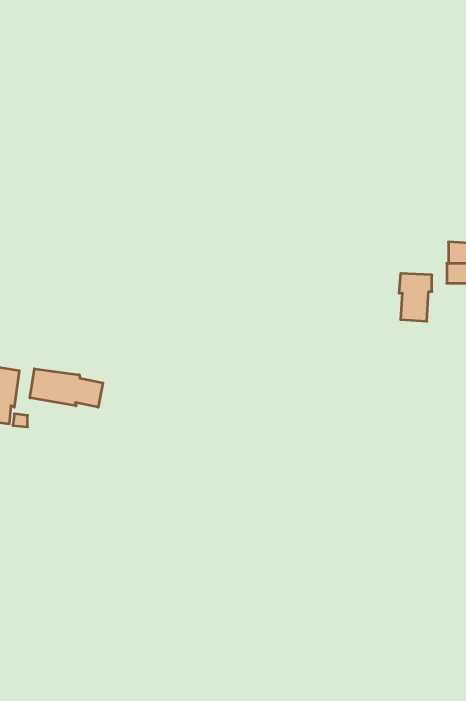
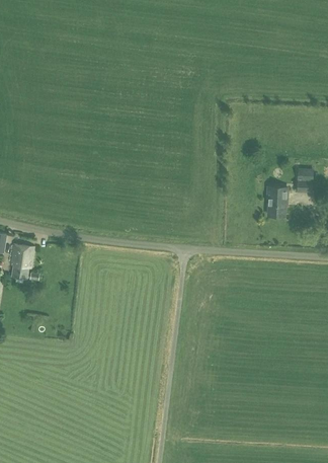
building: [30,369,103,407] -> none

